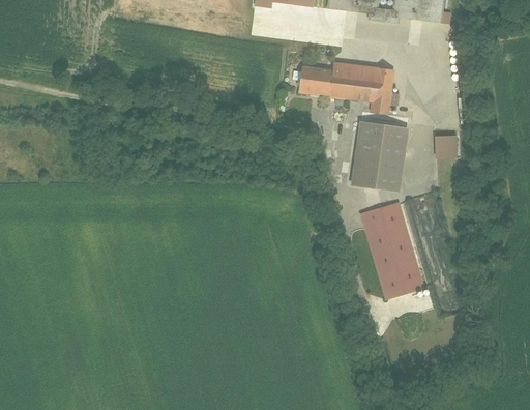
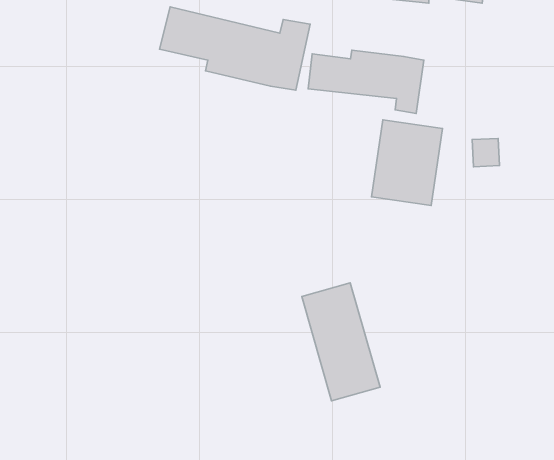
building: none -> [160,7,310,90]
building: [359,200,424,298] -> [302,283,380,401]

